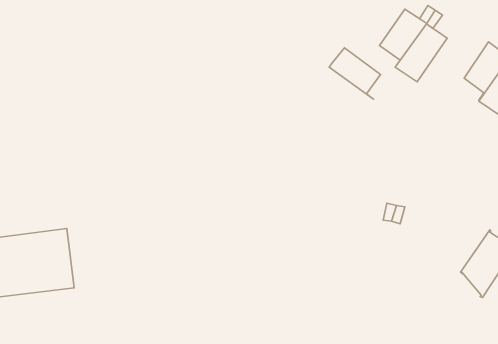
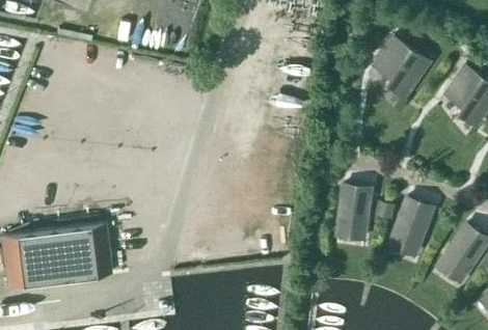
building: [329,48,381,99] -> none
building: none -> [336,186,370,240]
building: none -> [391,198,432,256]

